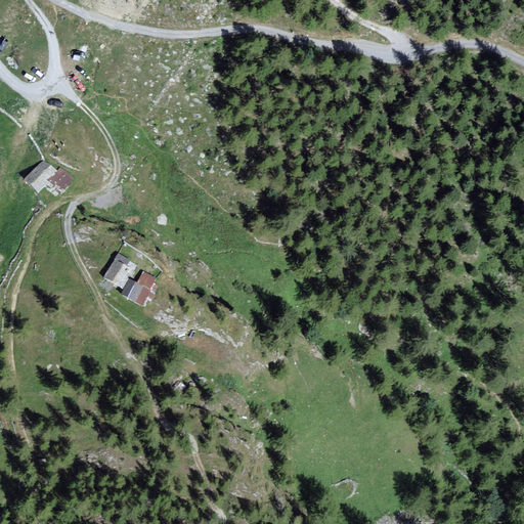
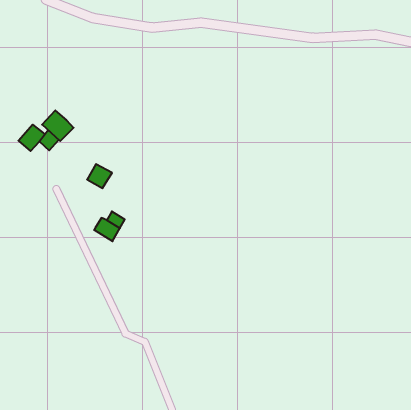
building: none -> [42,110,74,141]
building: [102,258,134,289] -> [87,164,112,188]

